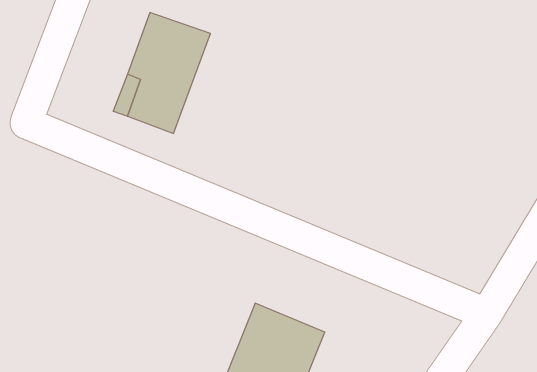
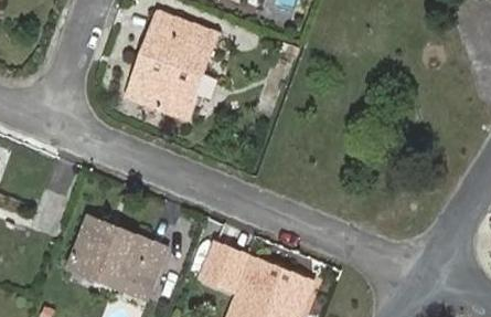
building: none -> [68,216,164,285]
building: none -> [202,243,245,286]

